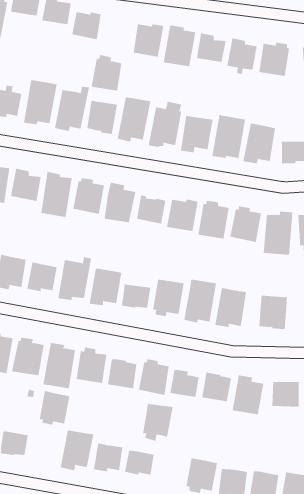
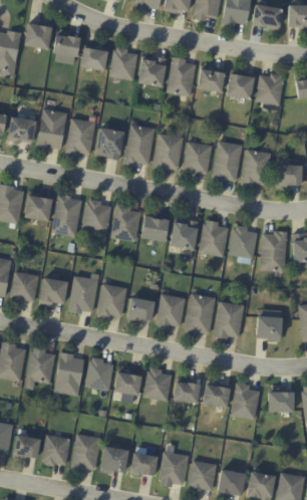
building: [91,55,122,91] -> [108,45,137,79]
building: [39,391,70,425] -> [41,434,70,466]
building: [142,403,173,441] -> [159,452,188,488]

